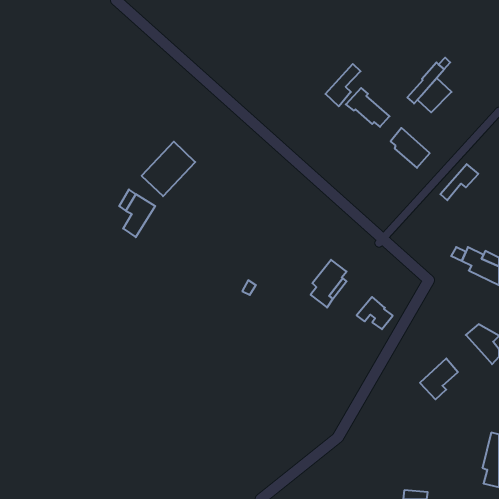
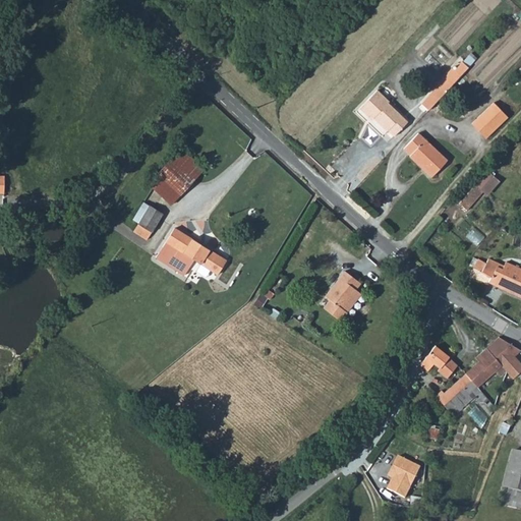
building: [325,64,361,106] -> none
building: [417,78,452,112] -> [475,101,511,136]
building: none -> [156,228,227,276]
building: [357,297,393,329] -> [419,346,457,380]
building: none -> [465,349,505,388]
building: none -> [386,457,419,499]

